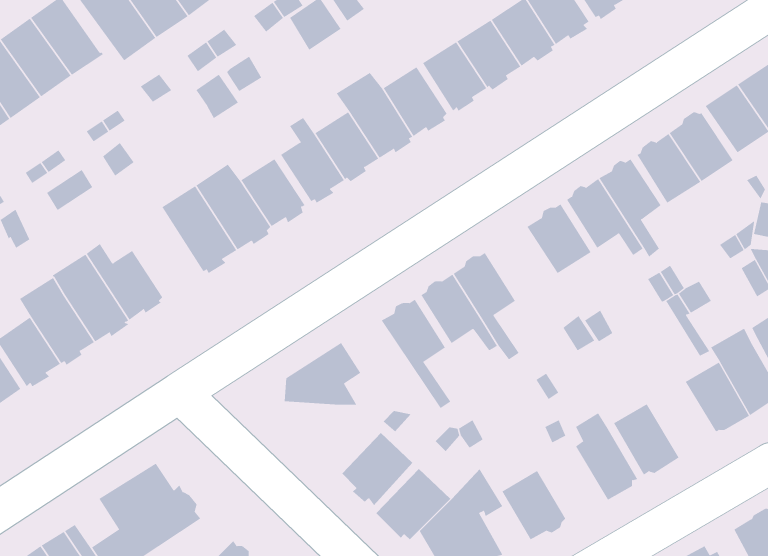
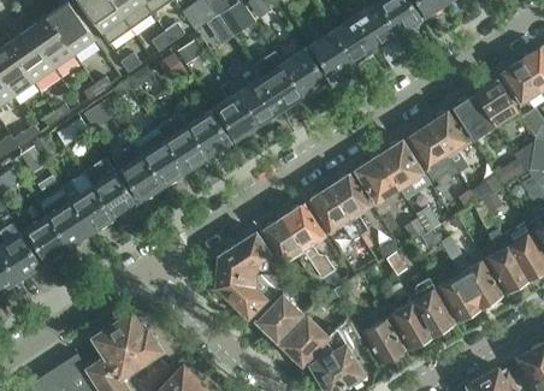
building: none -> [112,142,162,201]
building: none -> [355,155,400,202]
building: none -> [260,218,321,282]
building: none -> [440,237,502,309]
building: none -> [215,272,265,318]
building: none -> [388,302,433,350]

